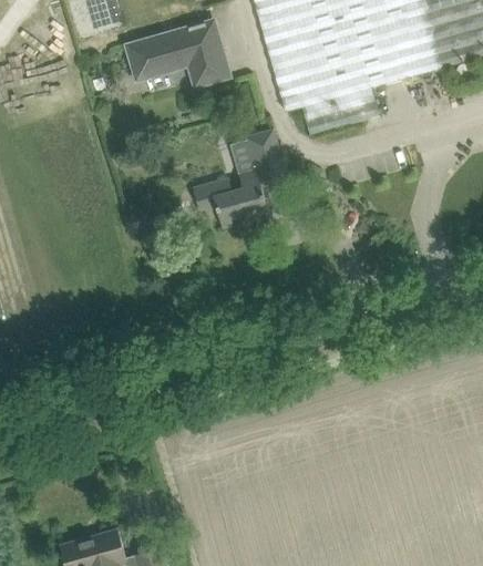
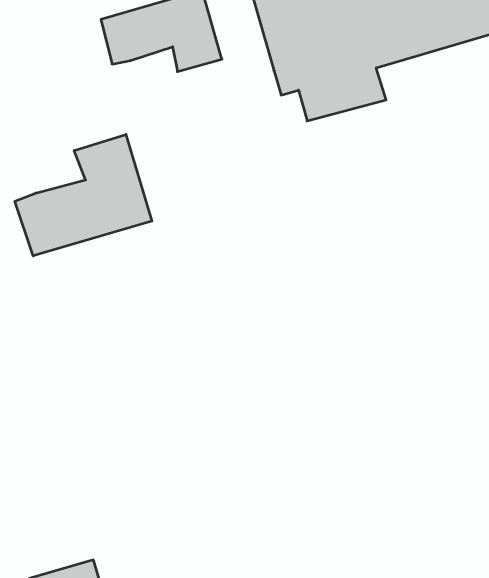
building: [196,126,288,225] -> none
building: none -> [15,134,152,256]

